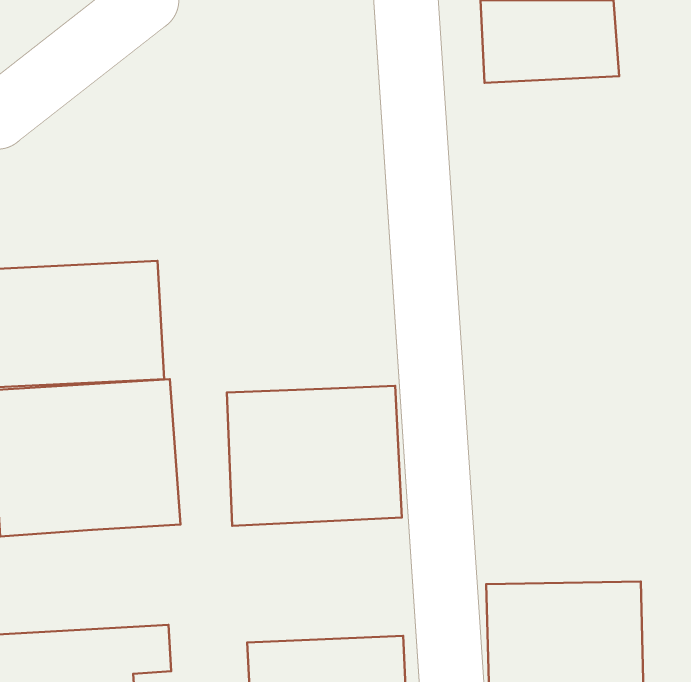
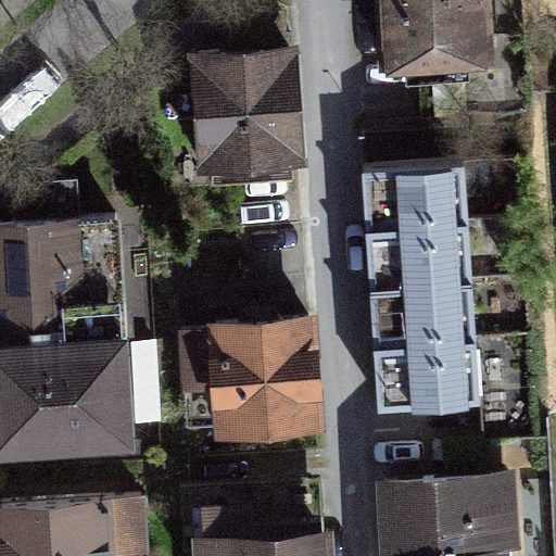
building: none -> [192,61,303,195]
building: none -> [365,170,473,410]

